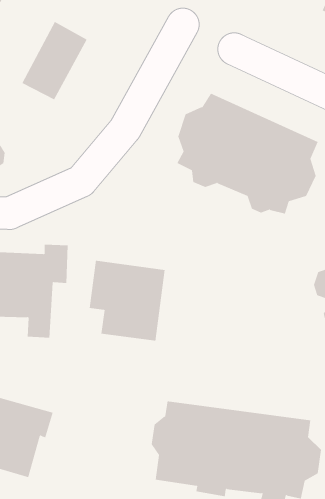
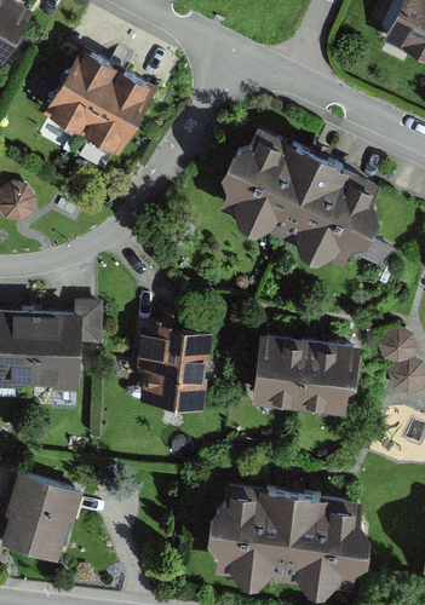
building: none -> [86,70,161,160]
building: none -> [249,335,363,419]

